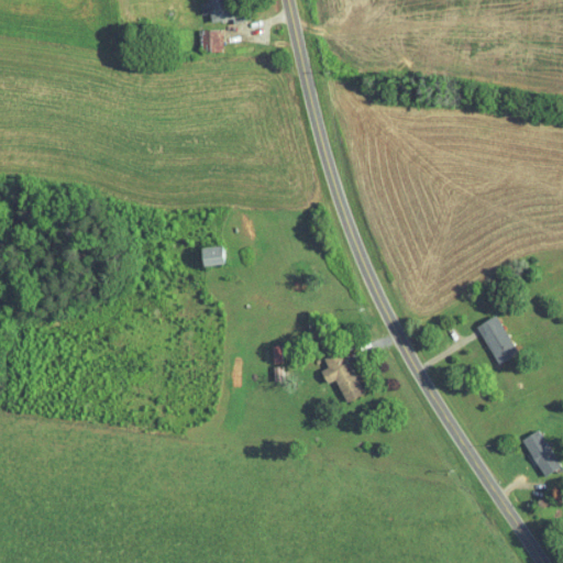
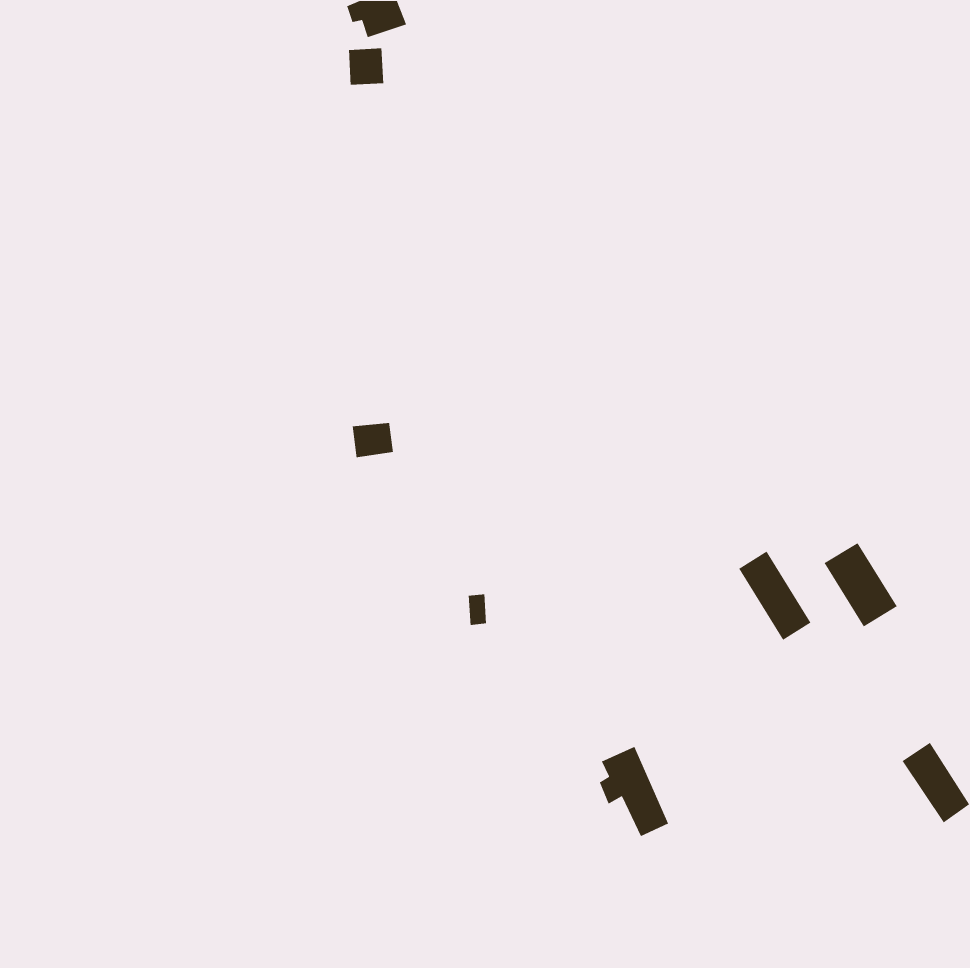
building: none -> [738,550,812,641]
building: [322,351,363,404] -> [599,746,669,837]

